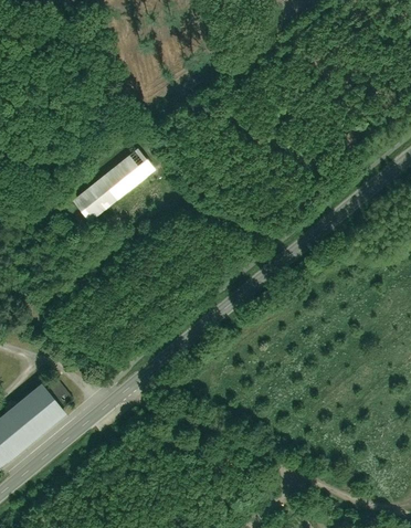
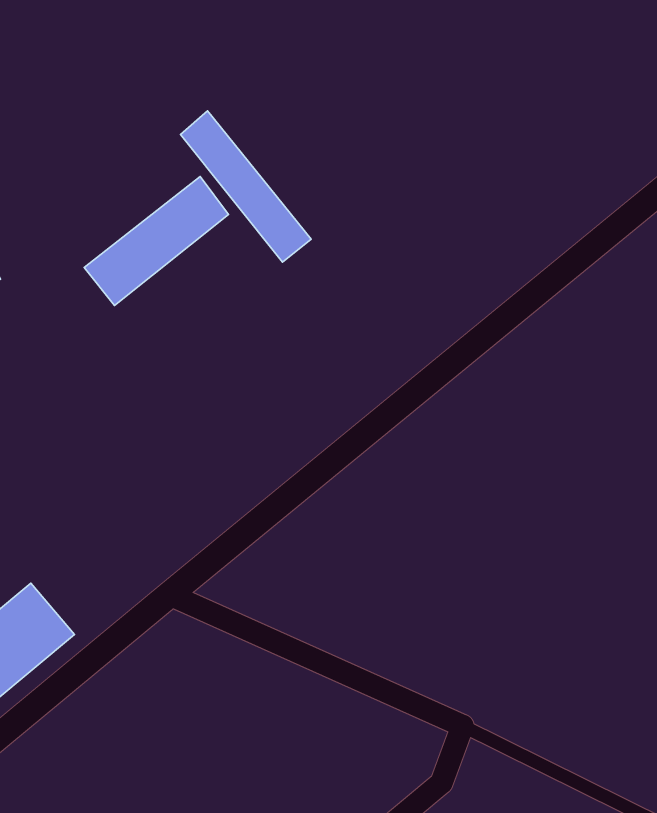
building: none -> [181,111,311,262]

